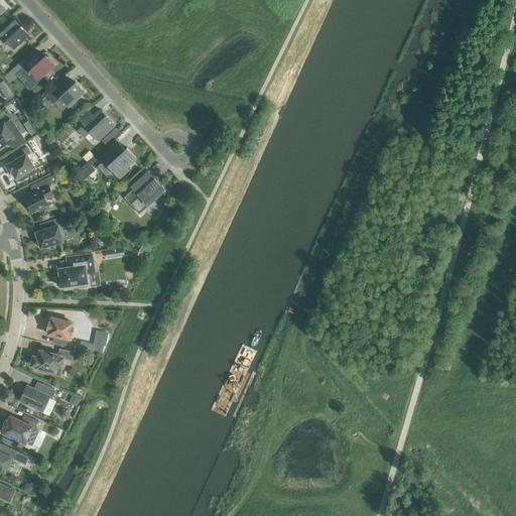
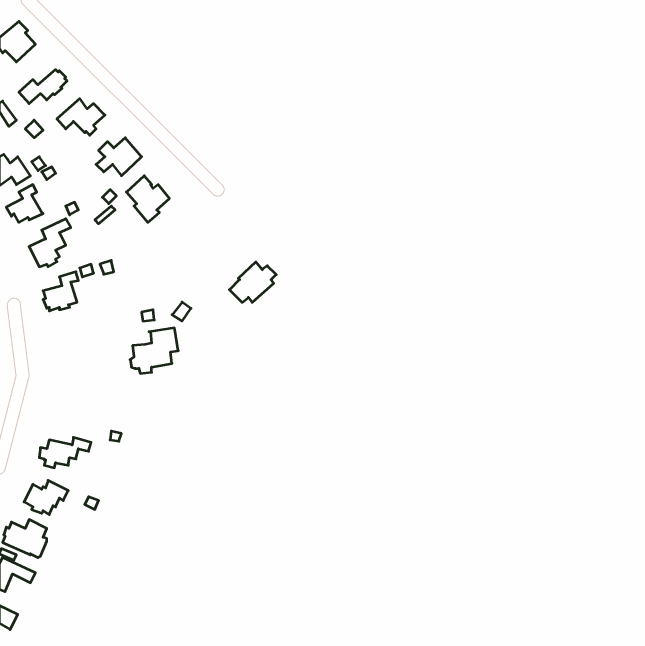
building: [123,175,160,208] -> [229,262,276,302]
building: [55,254,94,290] -> [130,328,178,373]
building: [46,315,73,346] -> none

